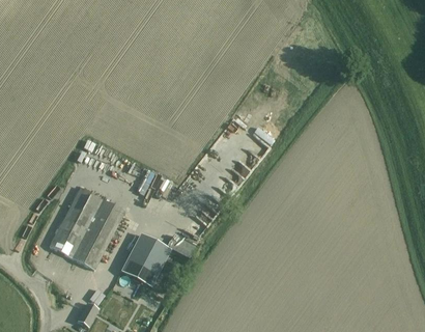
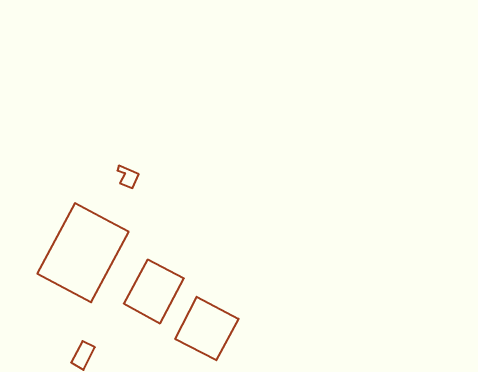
building: none -> [175,297,239,360]

